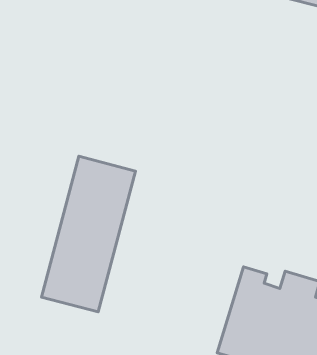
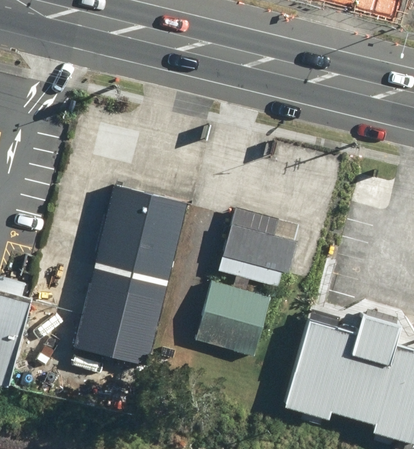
building: none -> [197,206,298,356]

